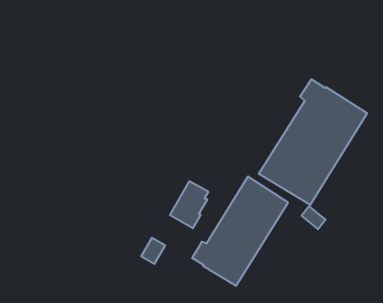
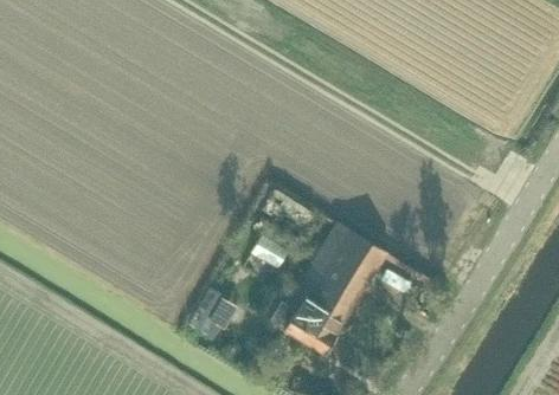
building: [259,79,367,205] -> none

